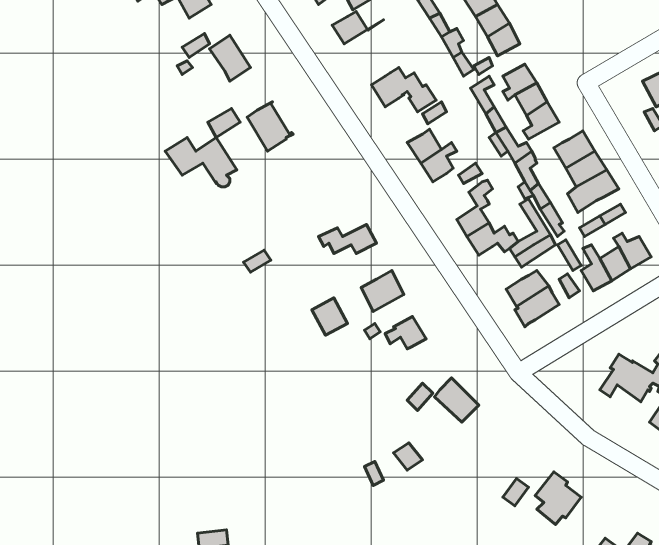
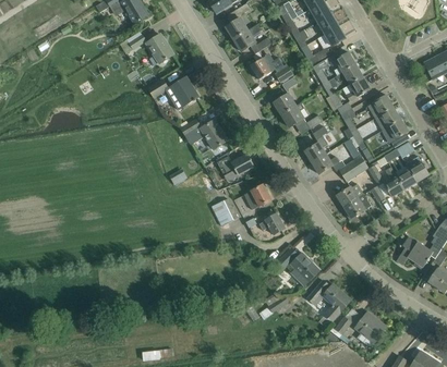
building: none -> [233,23,273,52]
building: [165,138,237,187] -> [182,119,228,150]
building: none -> [307,283,351,320]

